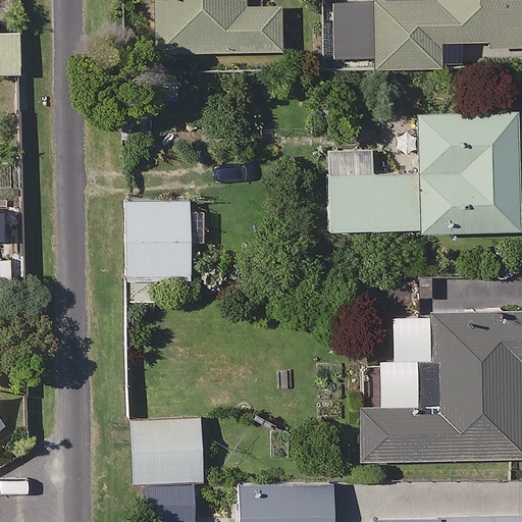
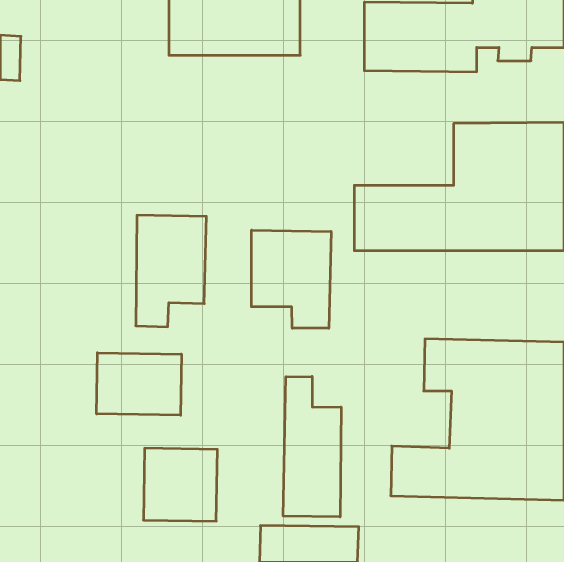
building: none -> [251,230,331,328]
building: none -> [97,353,181,415]
building: none -> [283,376,341,517]

